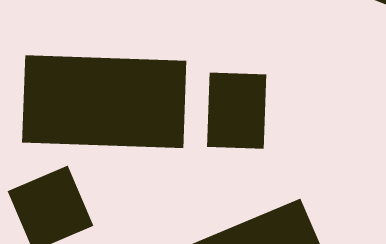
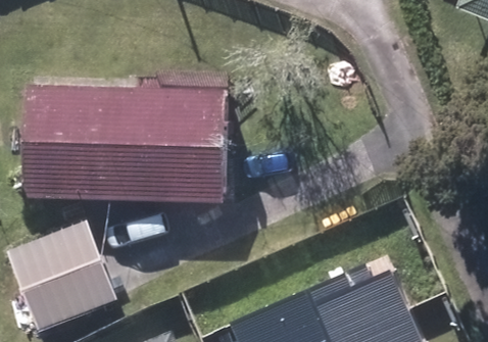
building: [206,72,267,150] -> none

